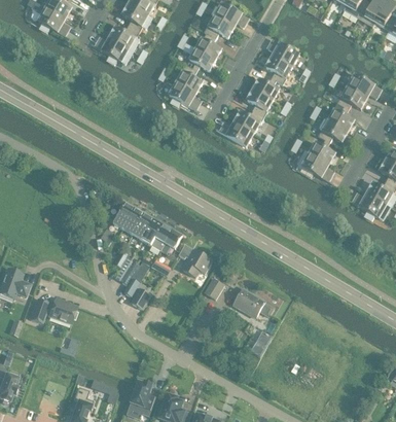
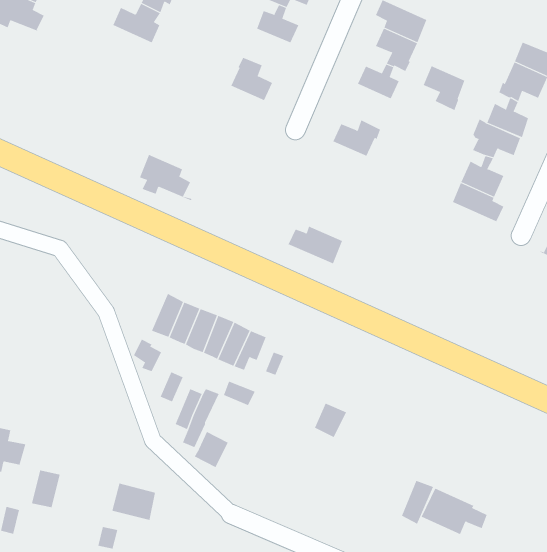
building: [91,36,132,63] -> none
building: [182,42,215,70] -> none
building: [169,80,200,111] -> [139,154,193,201]
building: [246,87,272,116] -> [423,66,465,111]
building: [215,120,253,145] -> [279,226,343,264]
building: [182,248,211,276] -> none
building: [232,287,273,317] -> [421,488,487,535]
building: [48,297,76,322] -> [112,483,156,520]

